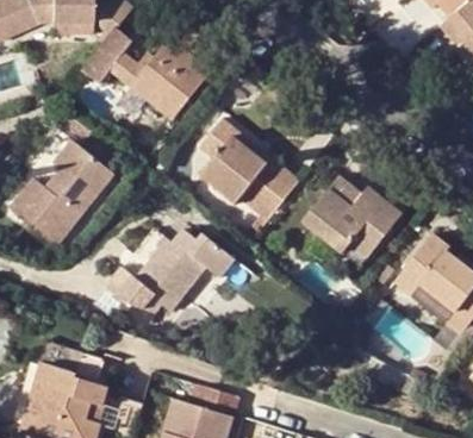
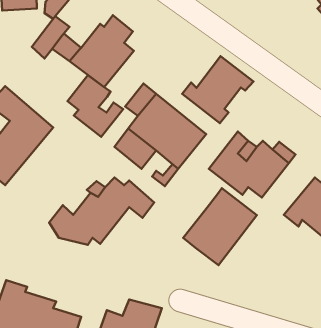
building: none -> [182,56,253,123]
building: none -> [67,75,123,137]
building: none -> [183,188,257,265]

